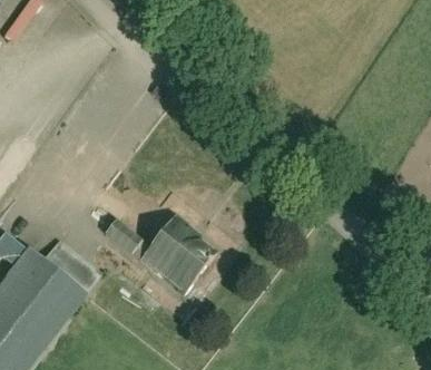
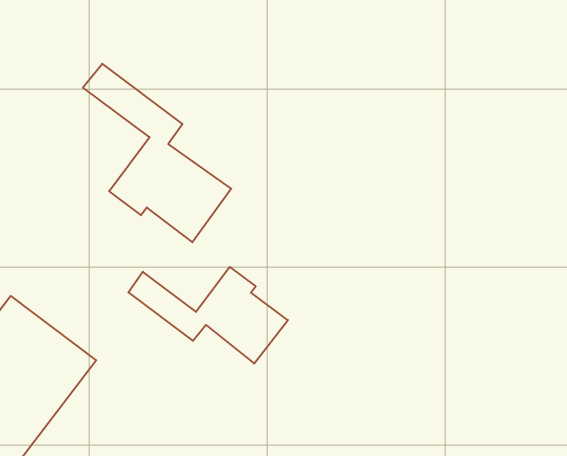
building: none -> [83,64,231,242]

